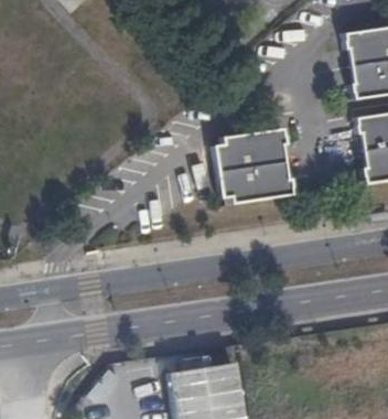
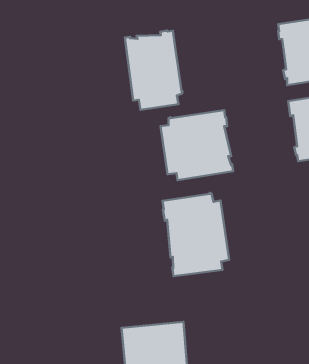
building: none -> [125,30,182,110]
building: none -> [162,193,229,276]

